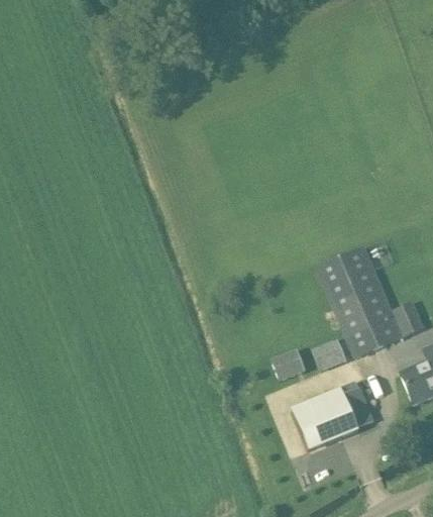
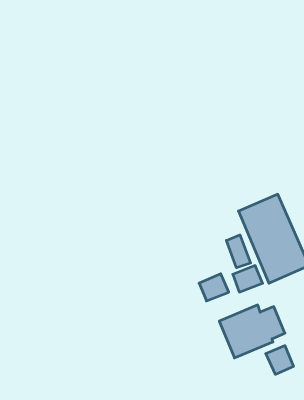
building: none -> [226,235,251,268]
building: none -> [266,346,293,374]

